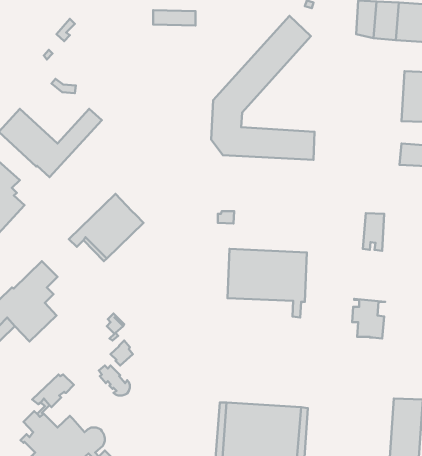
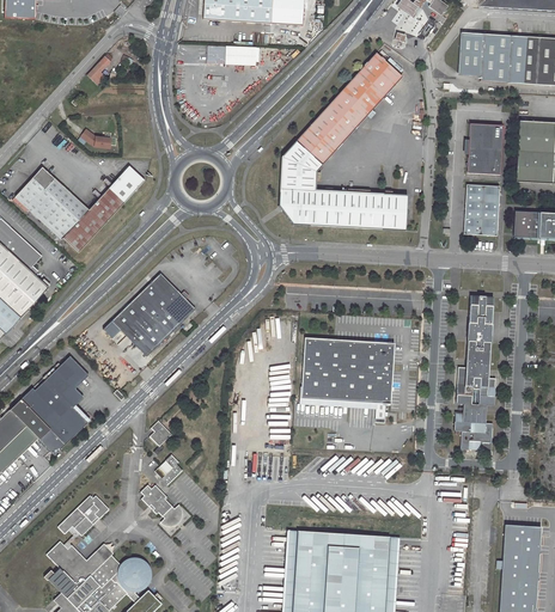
building: none -> [464,123,500,175]
building: none -> [463,184,499,235]
building: none -> [456,339,495,405]

